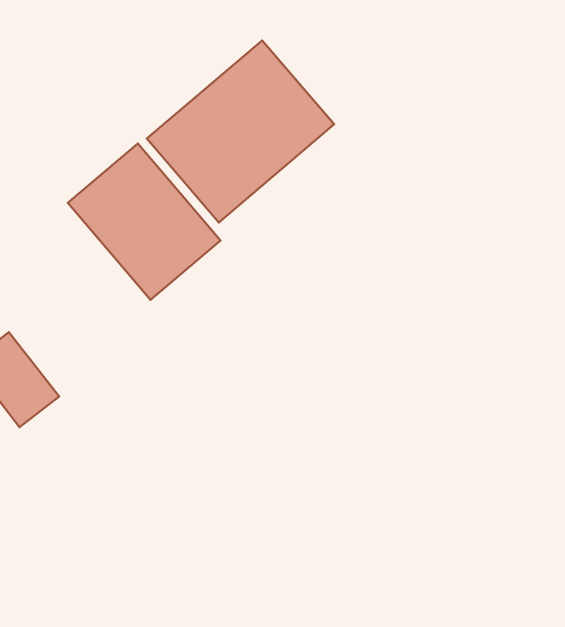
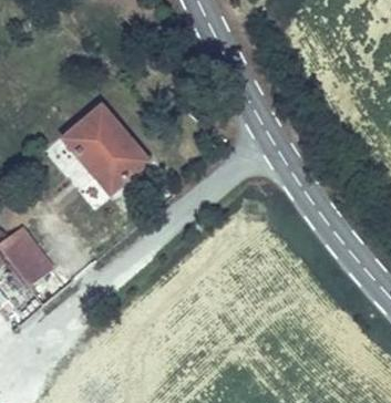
building: [147,40,334,222] -> none

